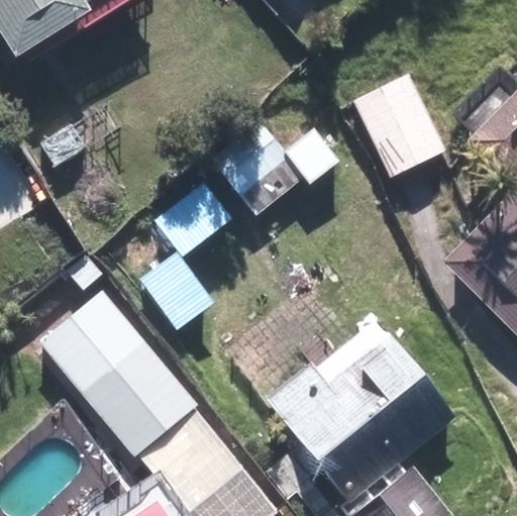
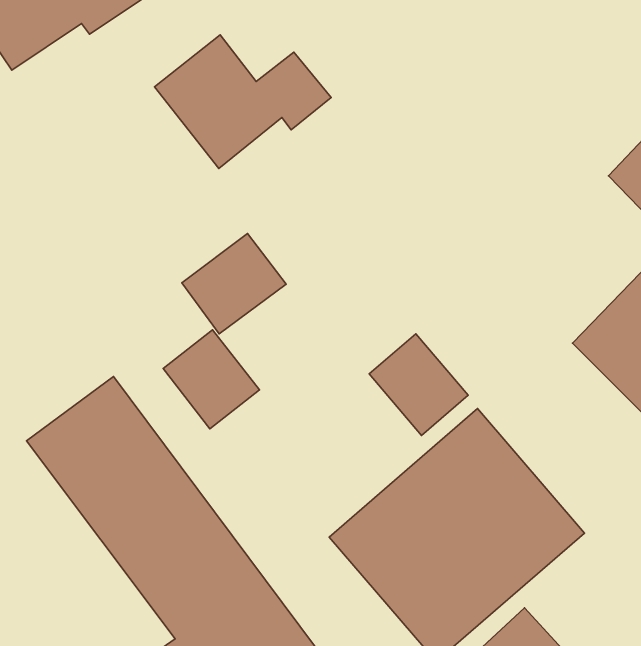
building: [350,73,446,178] -> none
building: [208,114,341,215] -> [155,35,331,168]

